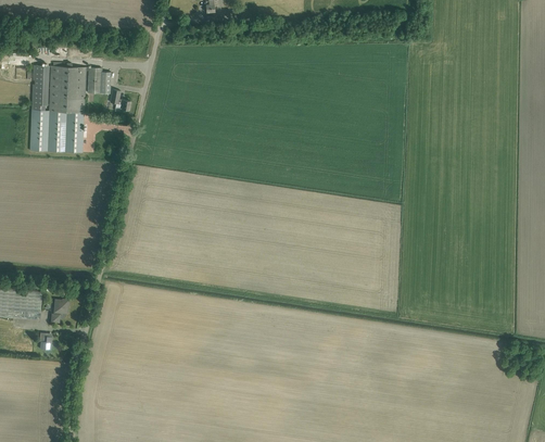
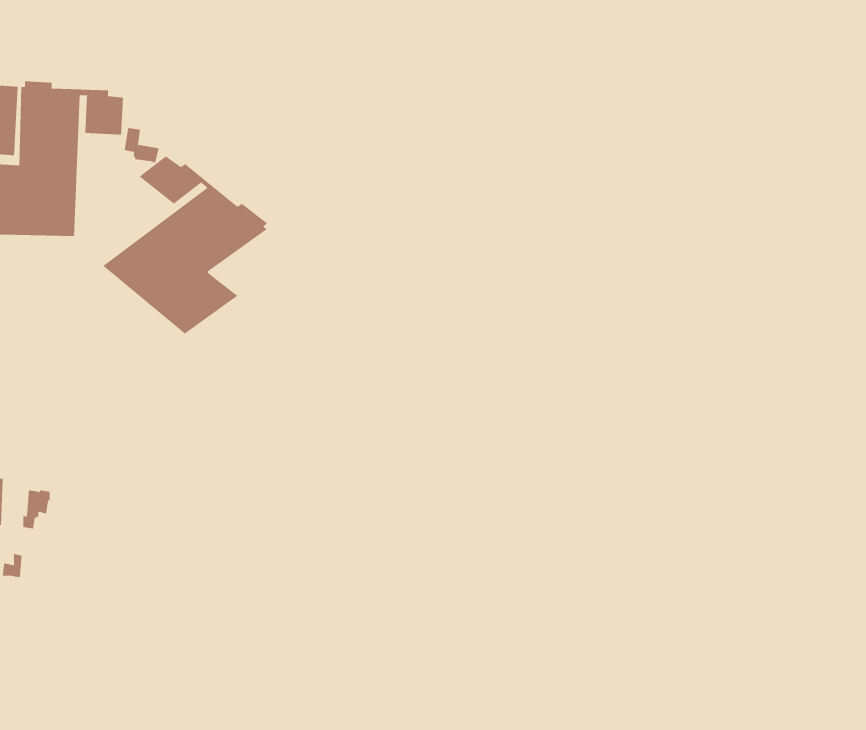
building: none -> [102,155,269,335]

